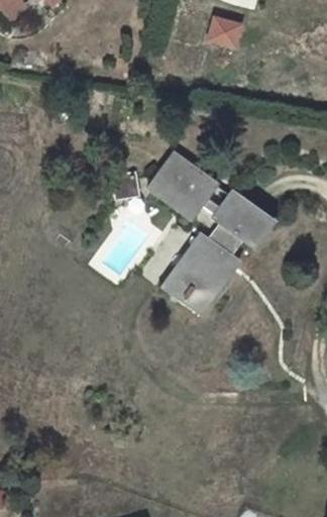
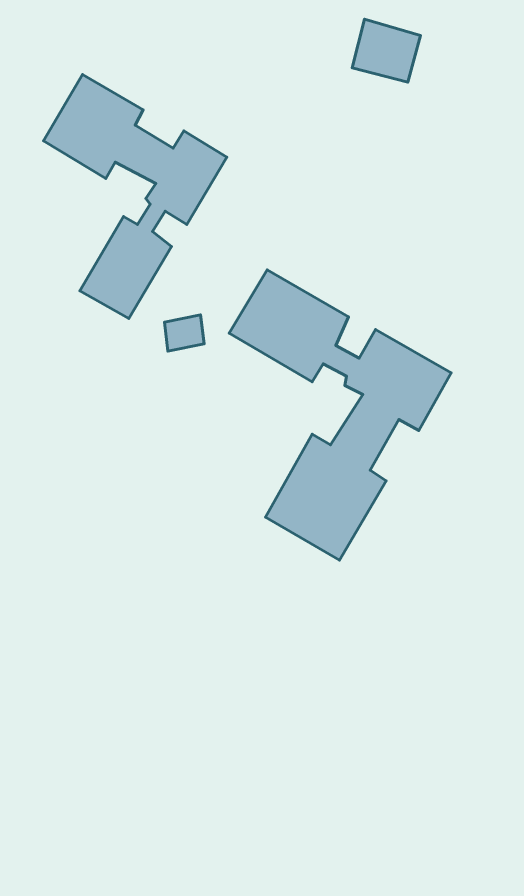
building: none -> [44,74,227,319]

